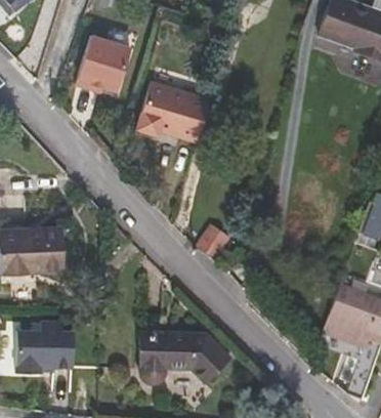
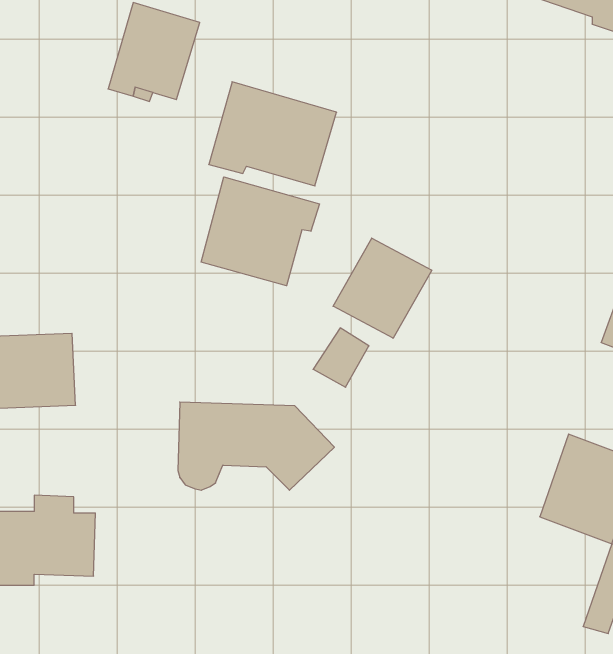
building: none -> [201,177,319,286]
building: none -> [333,238,432,338]
building: [140,331,229,381] -> [178,402,334,490]

